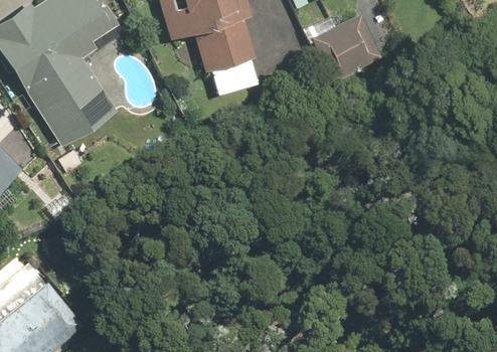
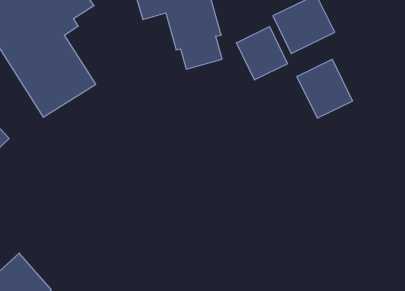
building: none -> [236,27,288,80]
building: none -> [297,59,353,118]

